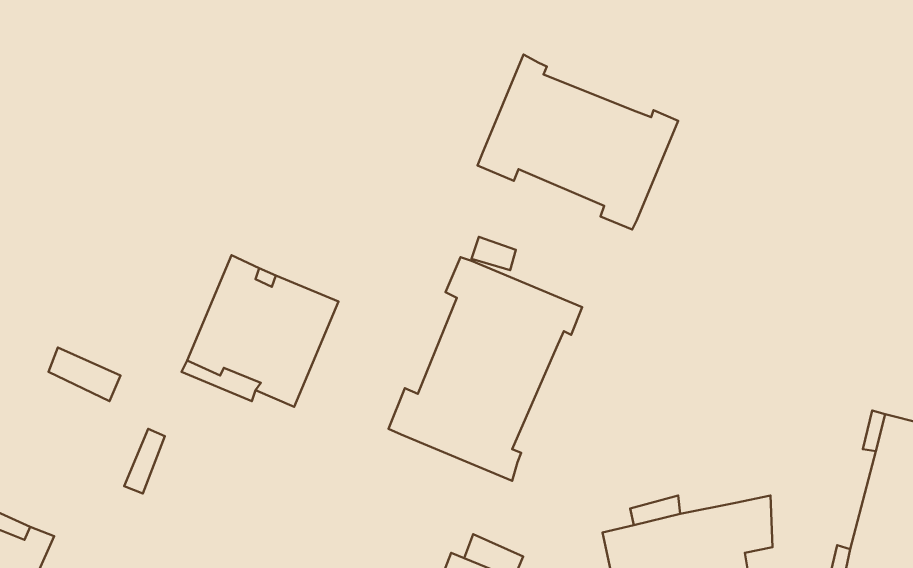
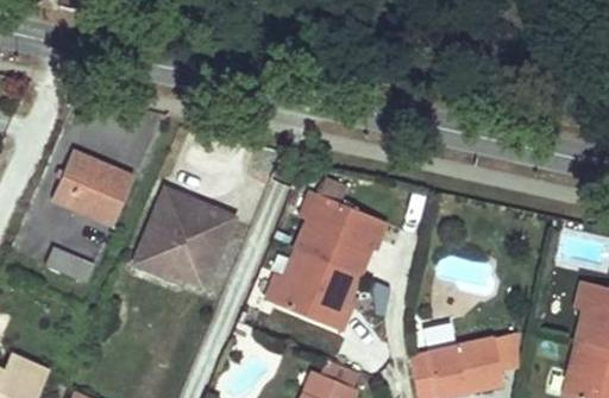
building: [478,55,678,229] -> none
building: none -> [54,150,136,222]

